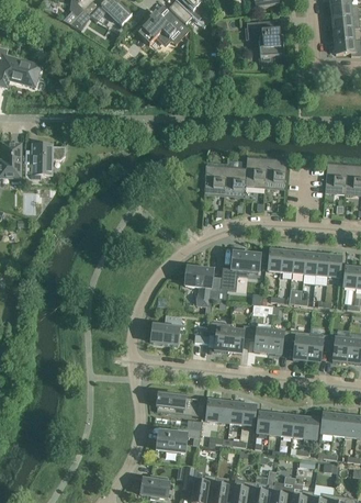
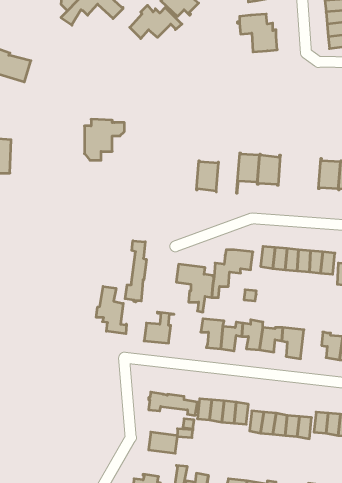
building: [25,143,65,183] -> [84,119,124,160]
building: [224,156,247,197] -> none
building: none -> [125,241,146,302]
building: none -> [96,286,126,334]
building: [307,332,329,361] -> none

